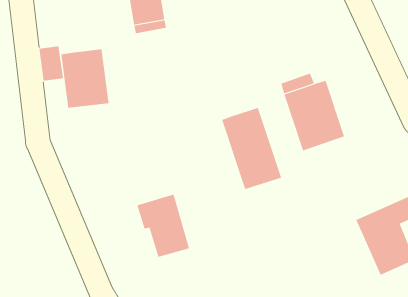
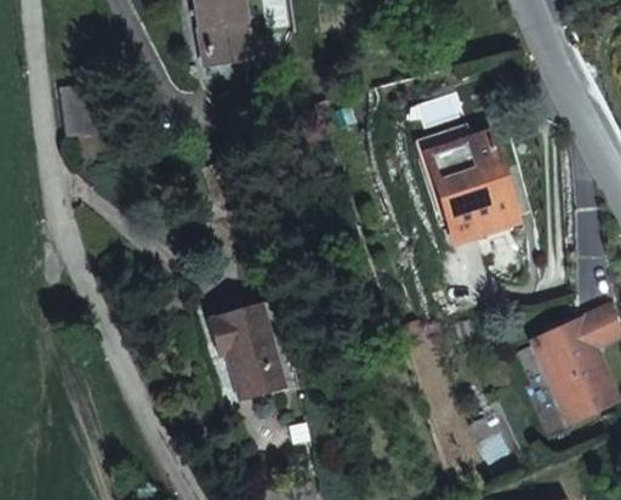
building: [61,49,109,109] -> none
building: [222,107,282,190] -> none

